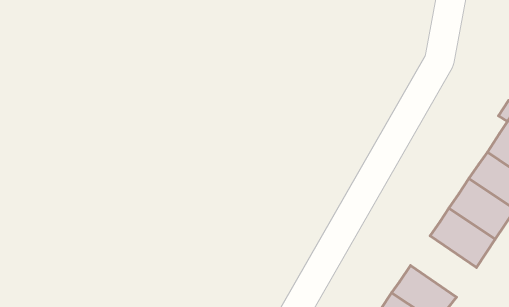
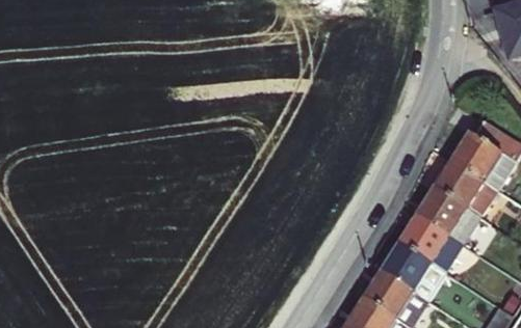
building: none -> [394,242,457,300]

